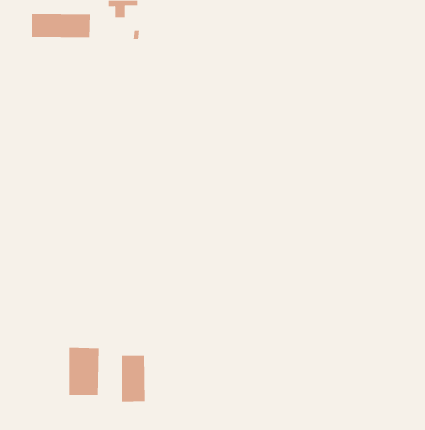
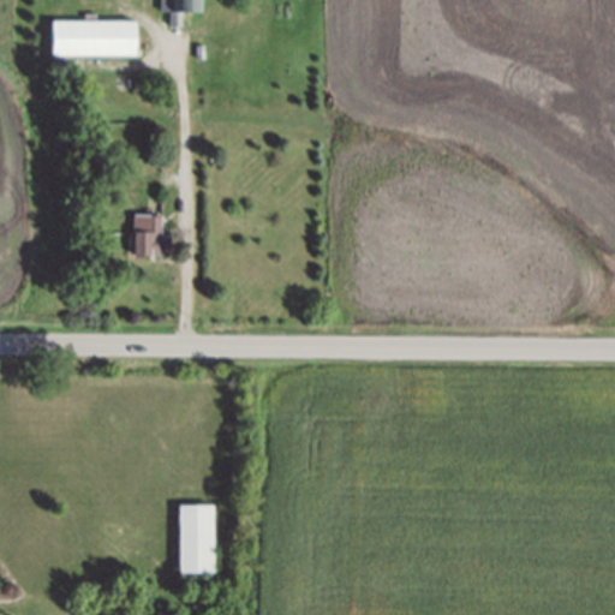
building: none -> [133,213,162,257]
building: [69,347,99,396] -> none

